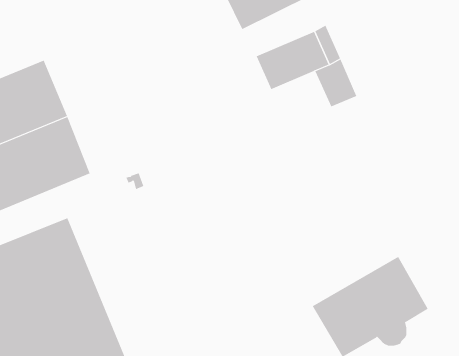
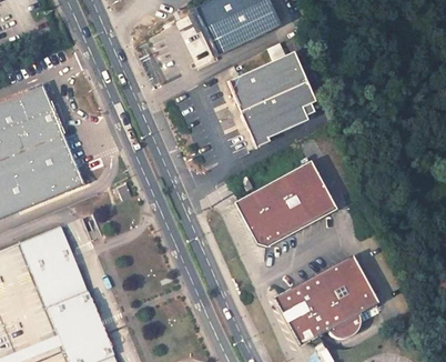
building: none -> [242,94,295,147]
building: none -> [234,162,335,244]

